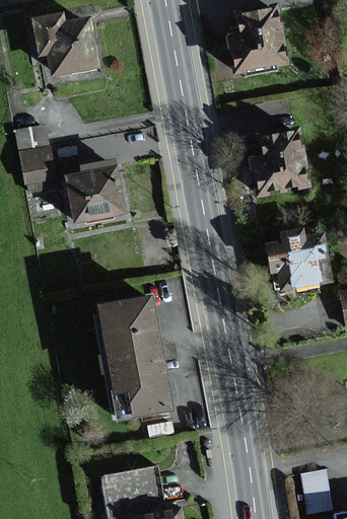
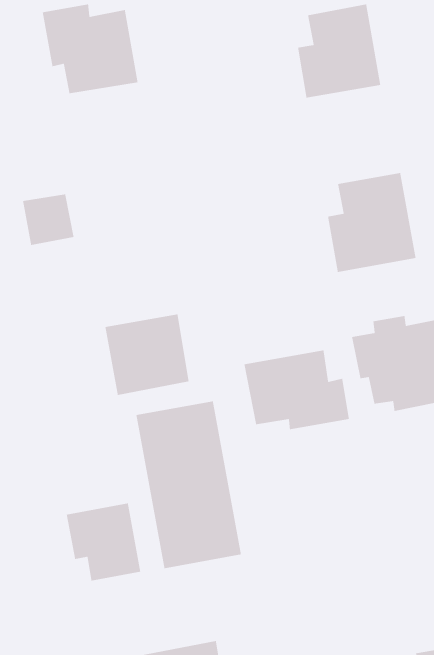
building: [69,162,130,221] -> [104,314,190,396]
building: none -> [244,349,350,430]
building: none -> [66,503,141,582]

